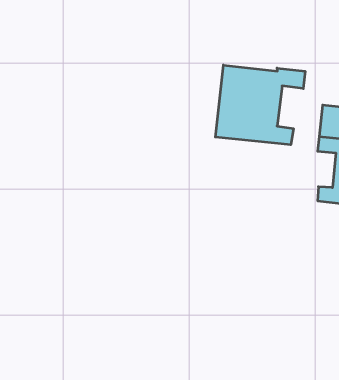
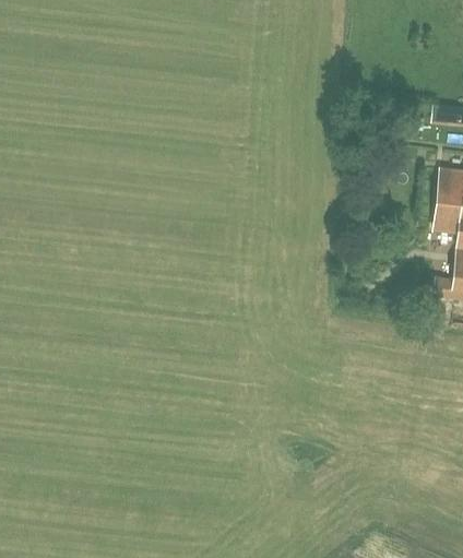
building: [215,65,305,145] -> none

